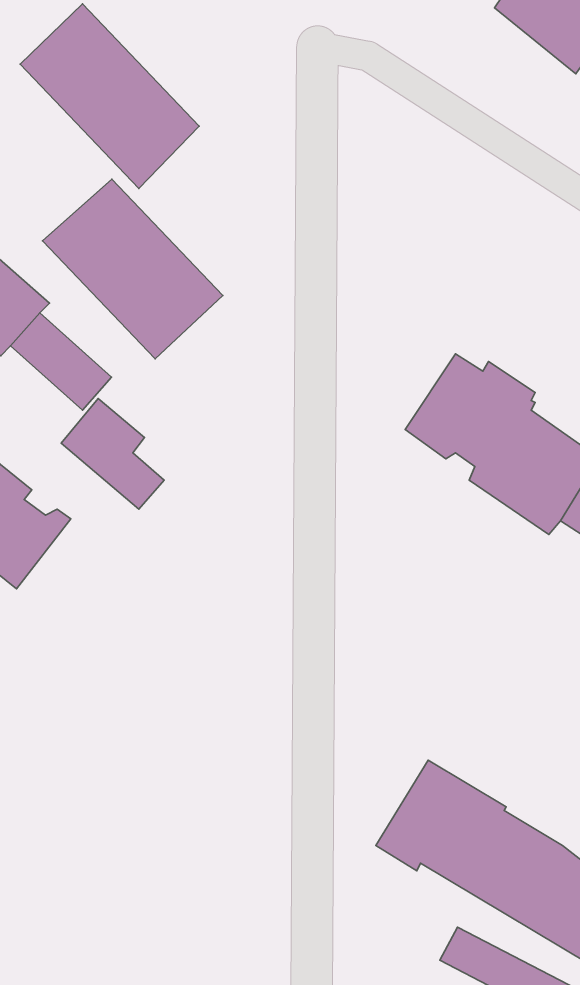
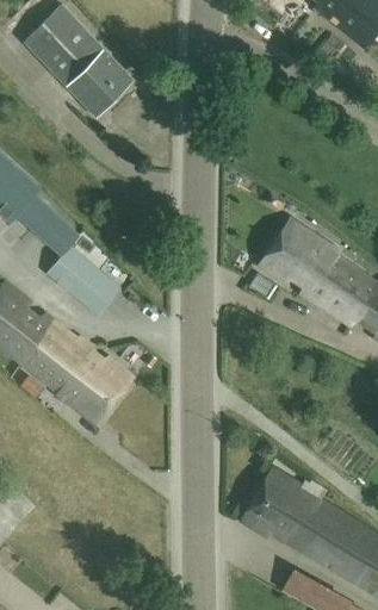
building: [42,179,223,359] -> none
building: none -> [20,320,132,425]

